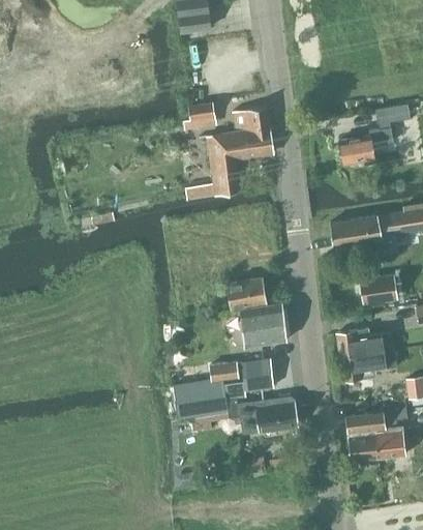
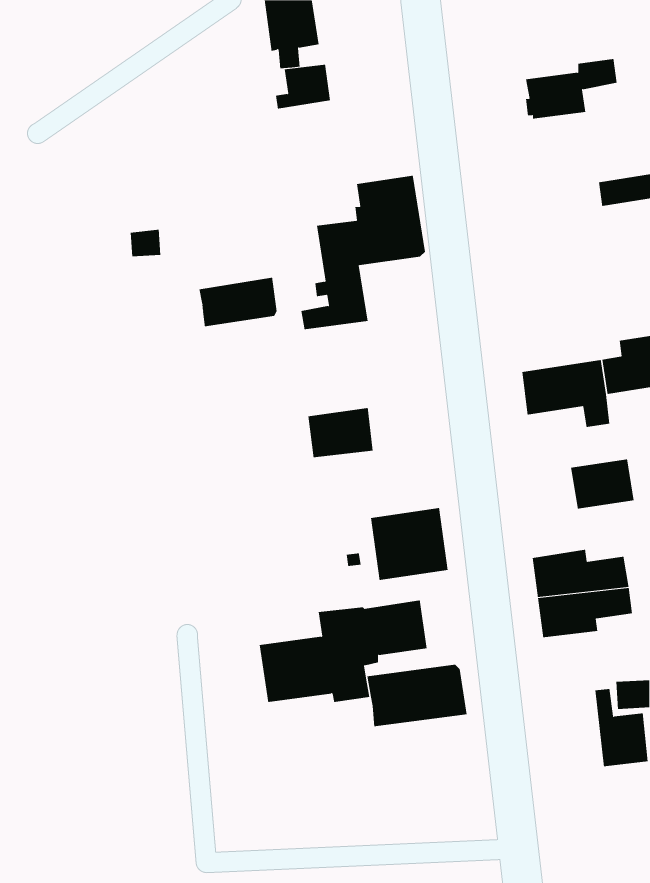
building: [183,104,216,130] -> [275,64,331,109]
building: [338,128,393,165] -> [525,58,618,119]
building: none -> [199,277,277,327]
building: [225,278,265,308] -> [307,407,374,458]
building: [345,413,379,462] -> none

